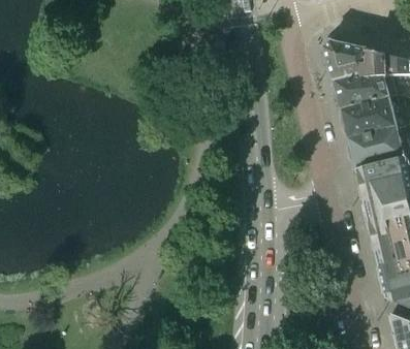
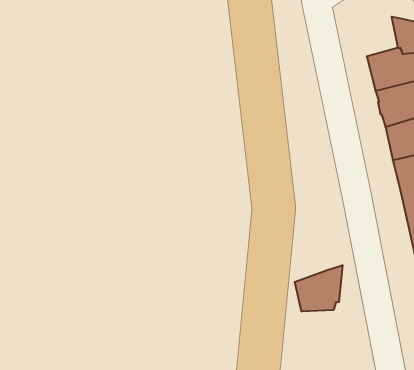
building: [323,40,359,80] -> none
building: none -> [295,265,342,312]

